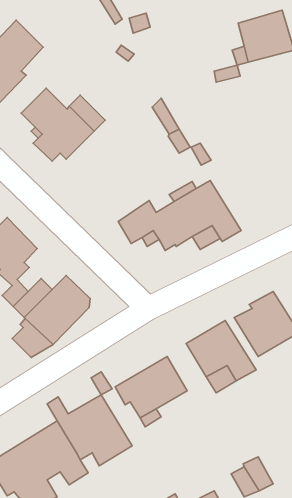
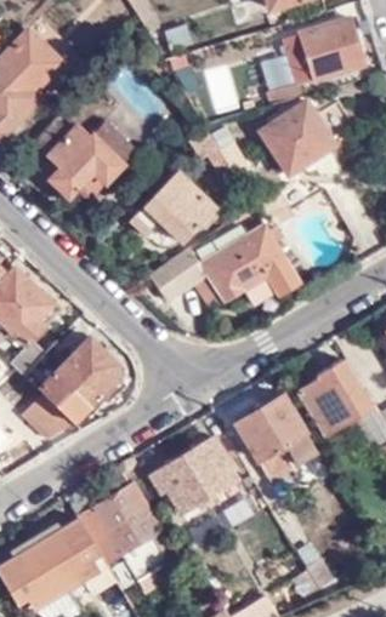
building: none -> [260,102,337,178]
building: none -> [130,171,218,242]

